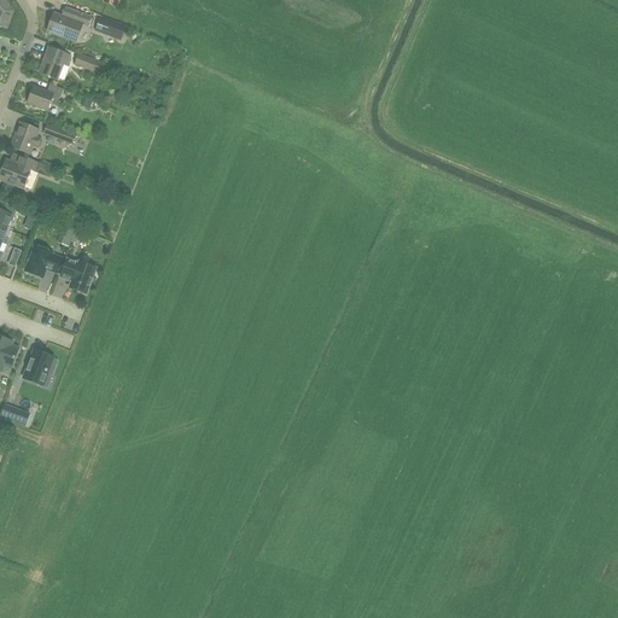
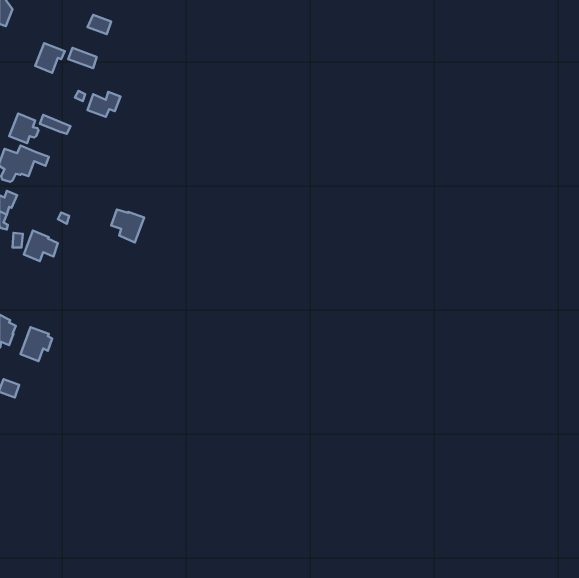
building: [46,8,93,40] -> none
building: [27,82,62,109] -> [88,92,121,117]
building: [60,260,95,295] -> [111,210,144,242]

